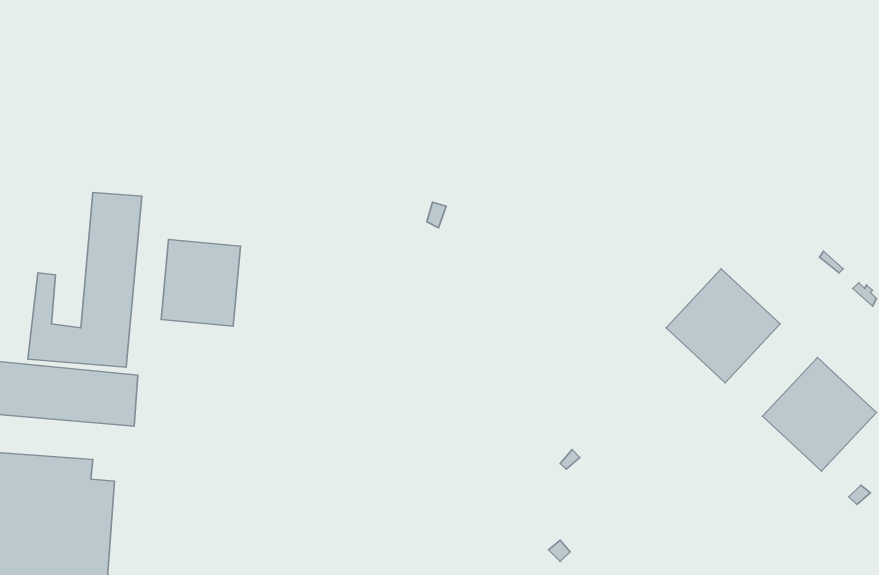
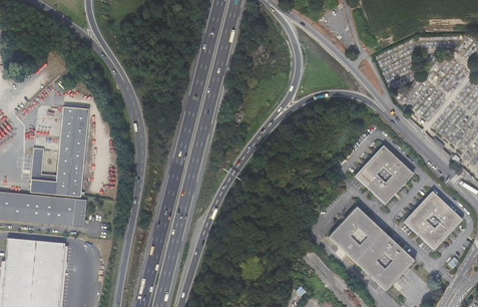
building: [161,240,241,326] -> none
building: none -> [329,207,417,291]

